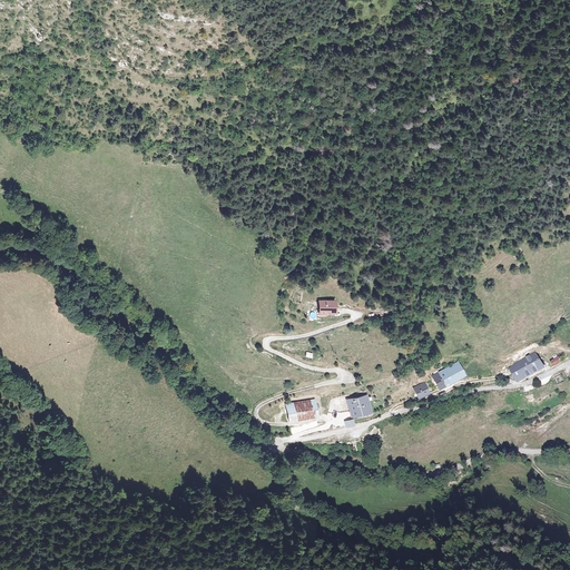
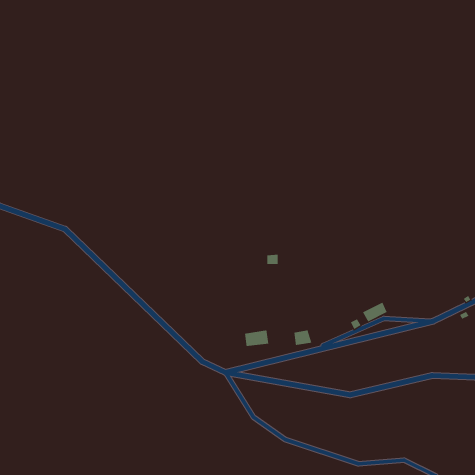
building: [509,354,539,381] -> none

